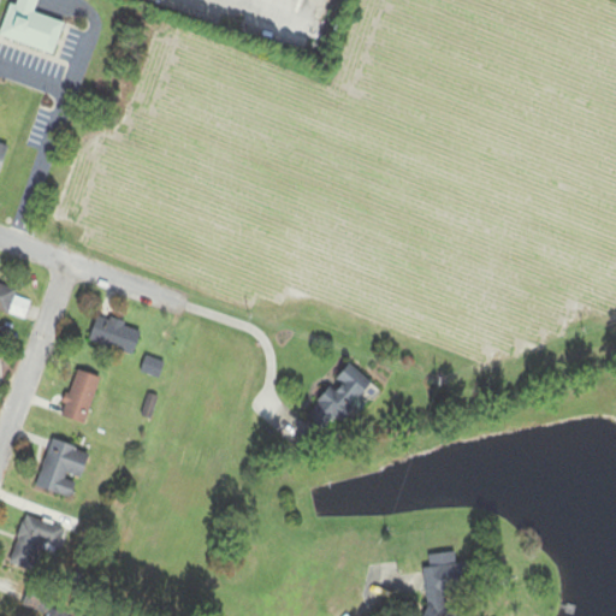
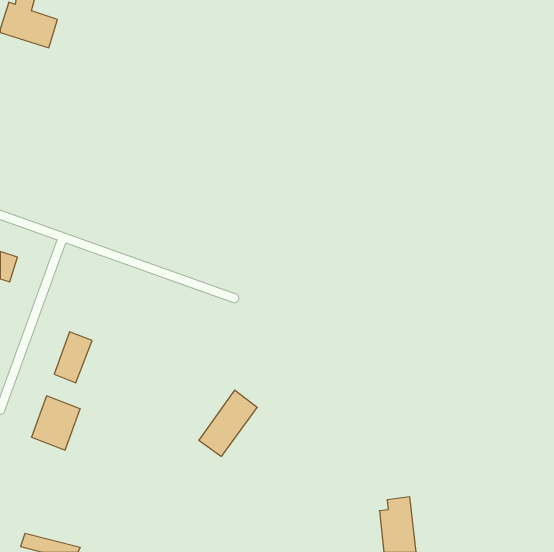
building: [89,314,143,356] -> none
building: [308,362,373,436] -> [199,390,257,456]
building: [10,515,65,573] -> none

